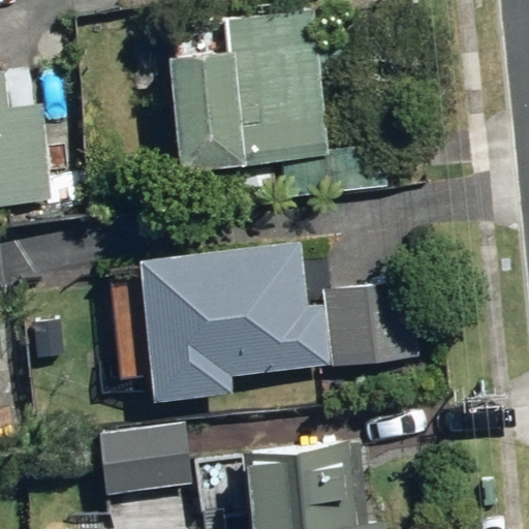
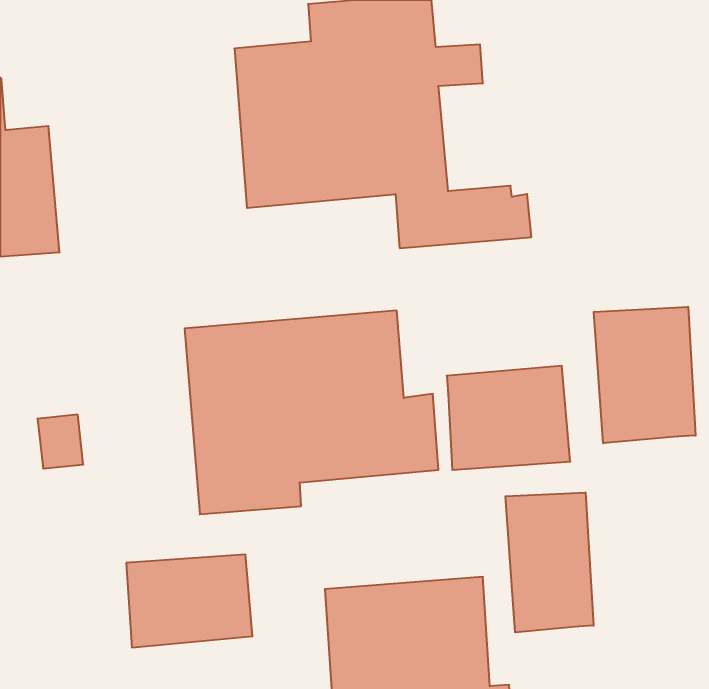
building: none -> [594,307,696,443]
building: none -> [505,492,594,632]

